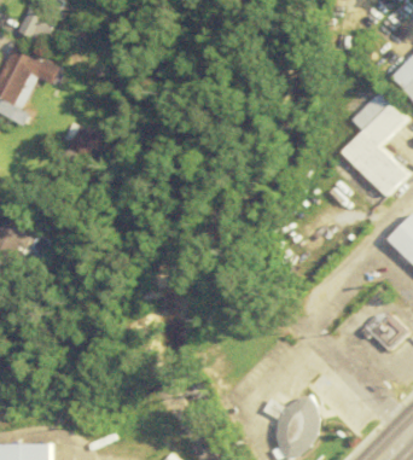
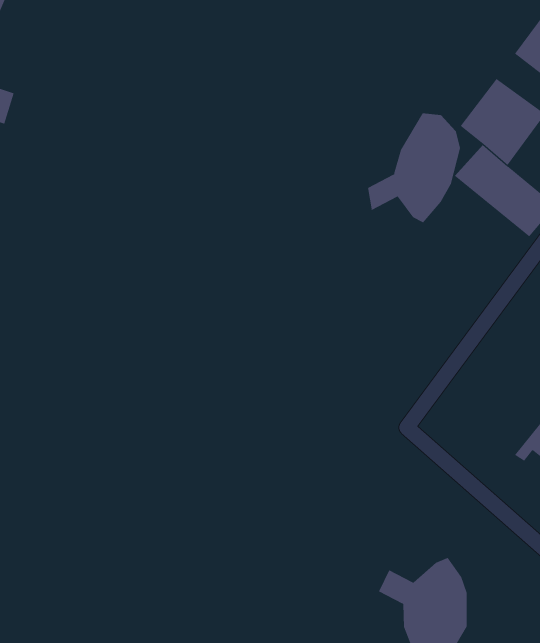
building: none -> [368,112,461,223]

